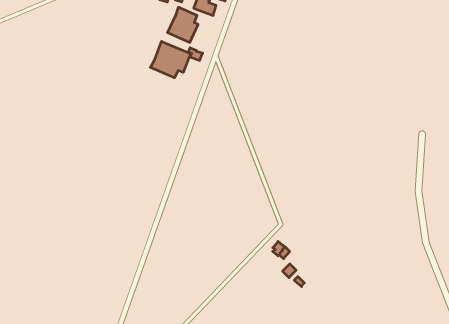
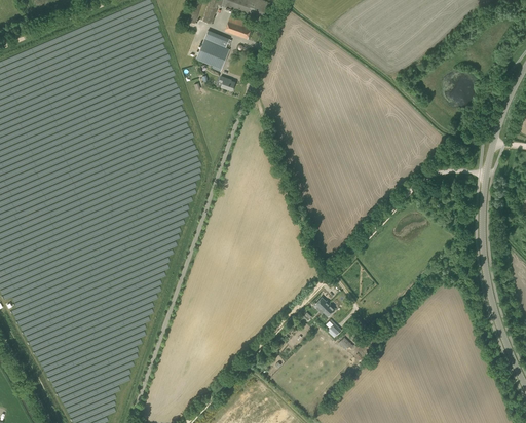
building: [150,41,191,78] -> none

